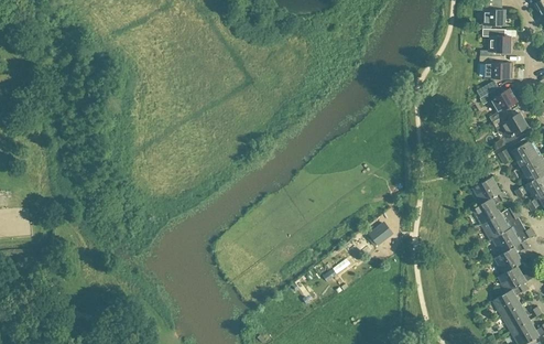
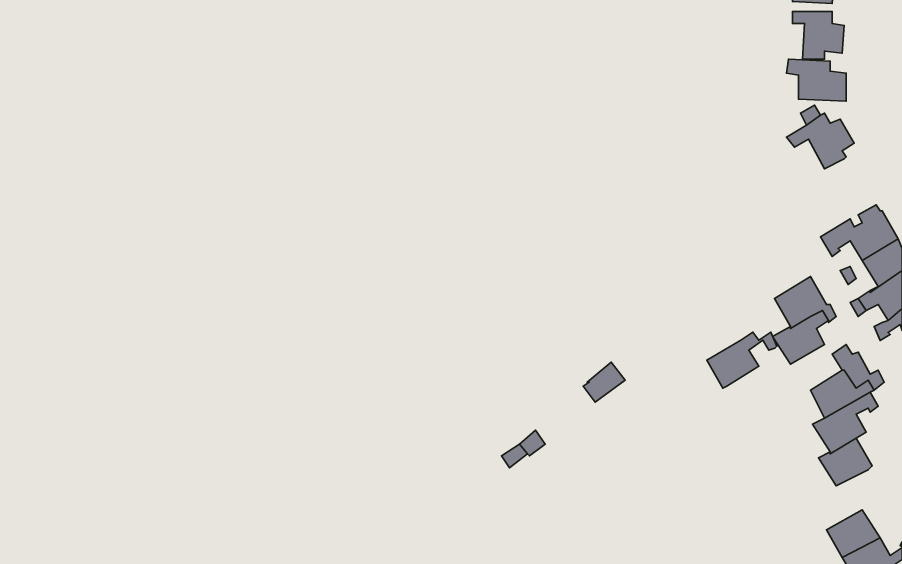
building: [491,111,527,143] -> none
building: [481,209,520,240] -> [707,332,777,388]
building: [492,283,527,316] -> none

